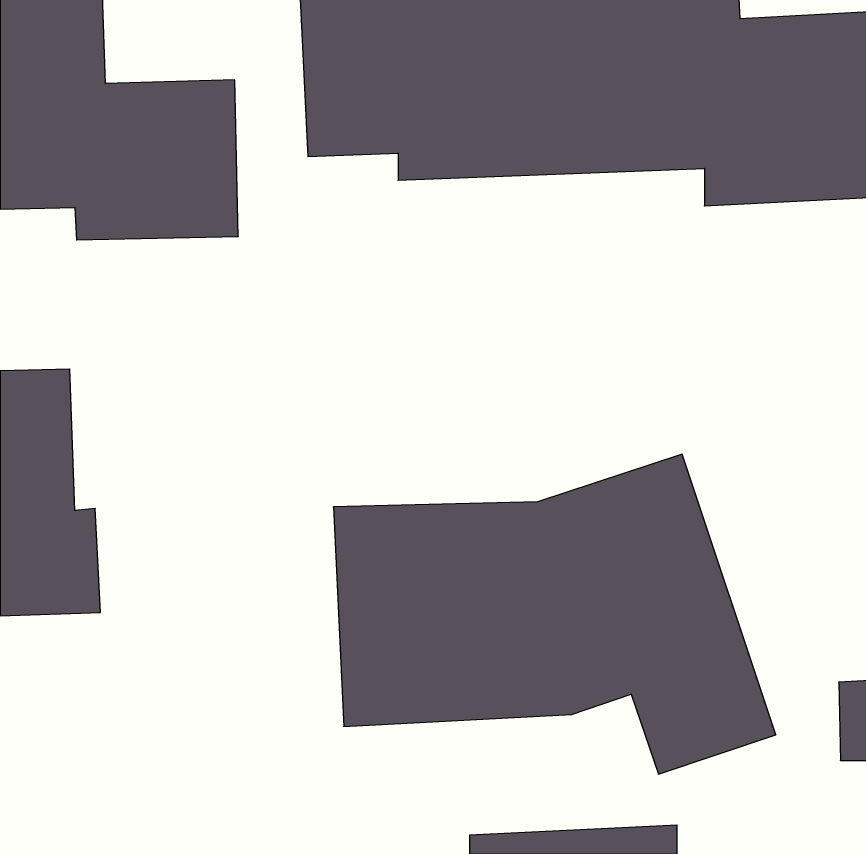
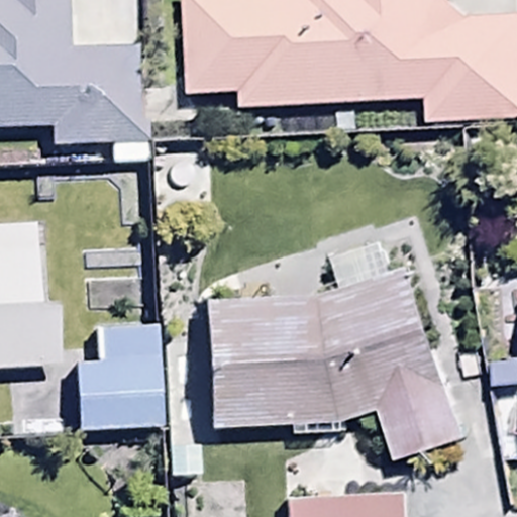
building: none -> [70,327,158,430]

